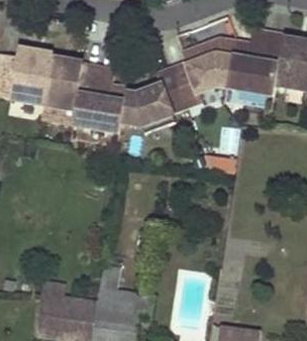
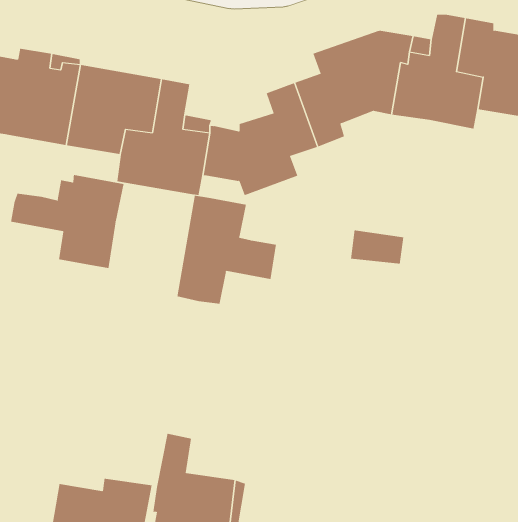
building: none -> [11,174,124,269]
building: none -> [177,195,277,304]

